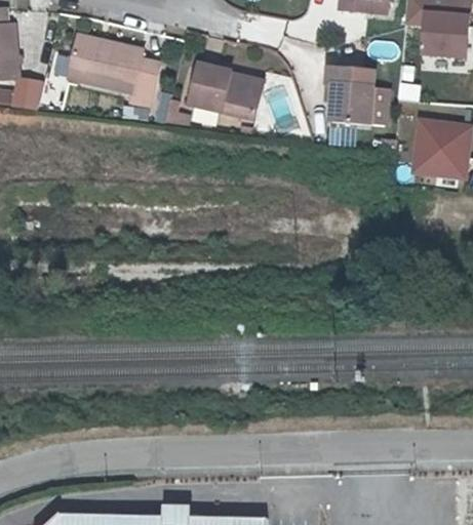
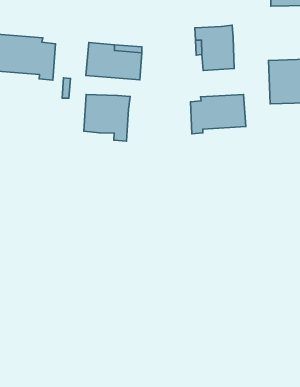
building: none -> [84,94,130,141]
building: none -> [190,95,246,134]

